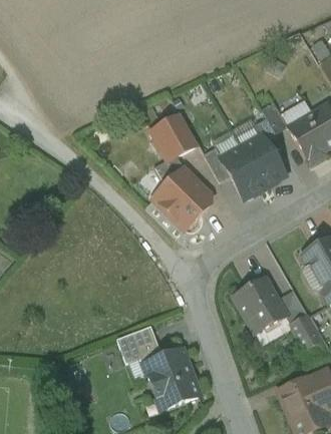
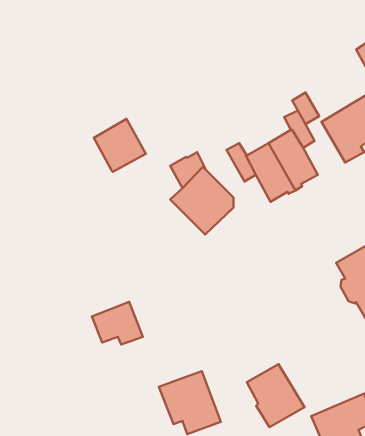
building: [151,112,198,159] -> [94,119,146,172]
building: [236,277,287,333] -> [247,364,305,427]
building: [290,314,321,349] -> none
building: [117,325,162,363] -> [92,302,143,345]

